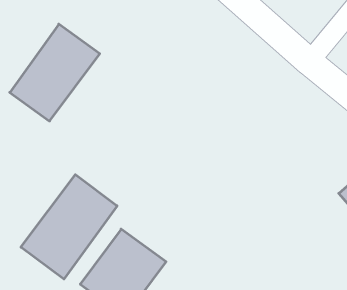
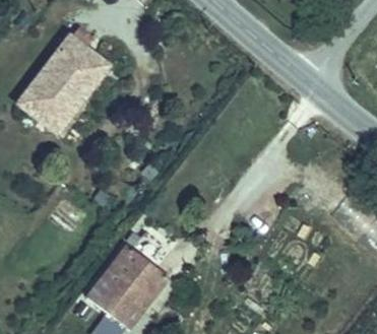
building: [21,175,117,279] -> none

